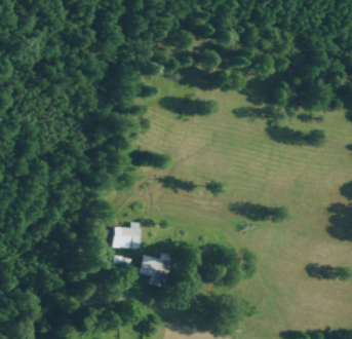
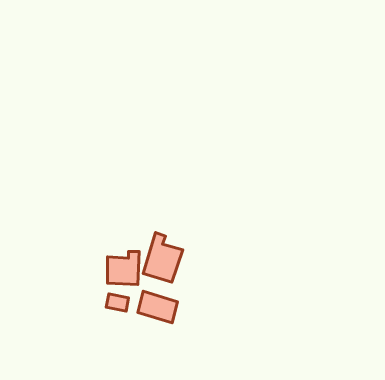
building: none -> [143,232,183,282]

